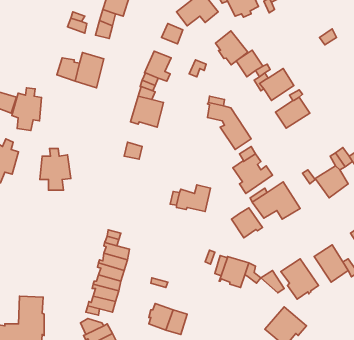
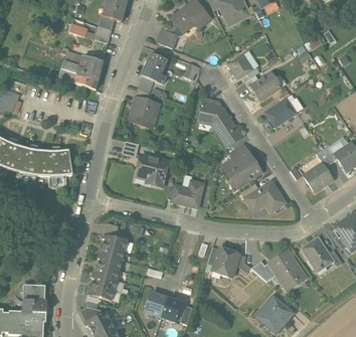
building: [216,31,248,65] -> none
building: [12,88,42,131] -> [16,144,44,184]
building: none -> [135,155,168,186]
building: [231,208,262,238] -> none

